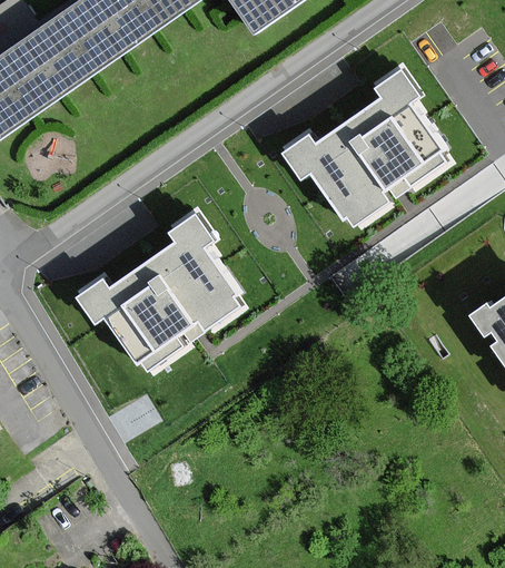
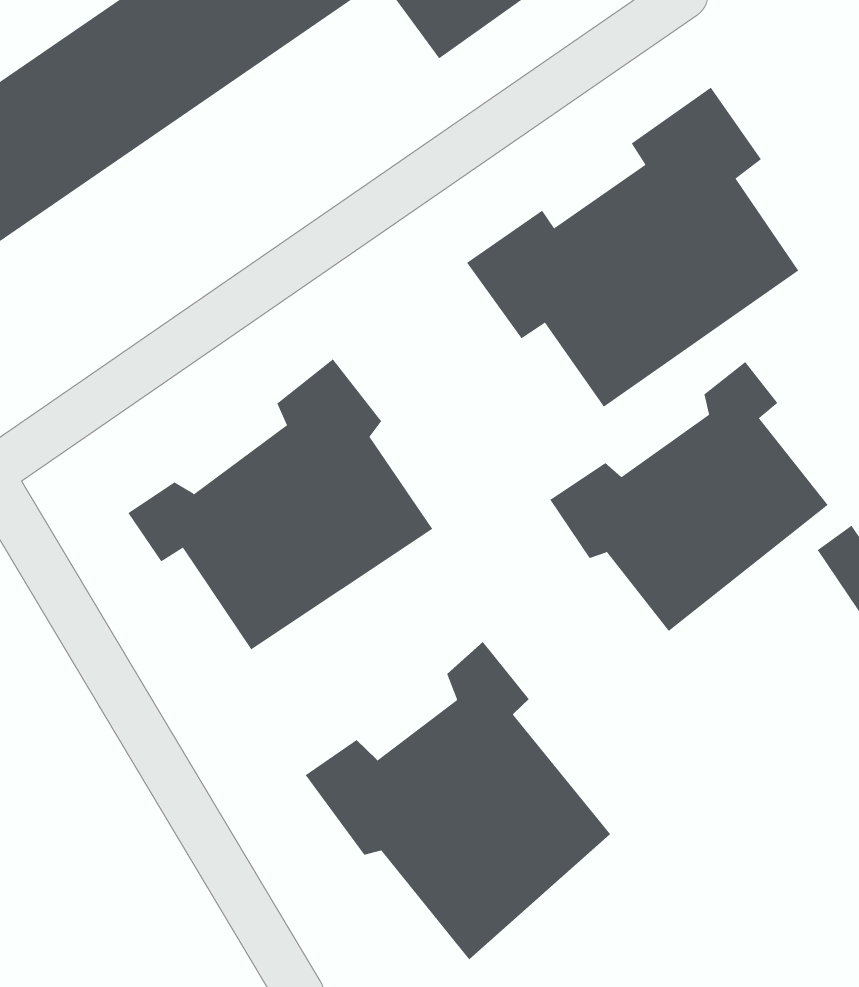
building: none -> [549,361,828,632]
building: none -> [305,641,611,960]

